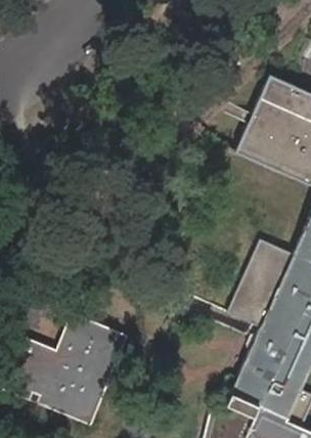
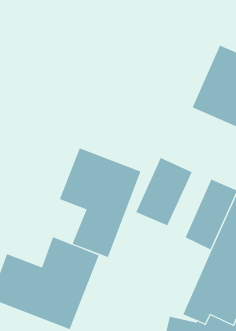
building: none -> [59,147,141,258]
building: none -> [135,157,193,226]

